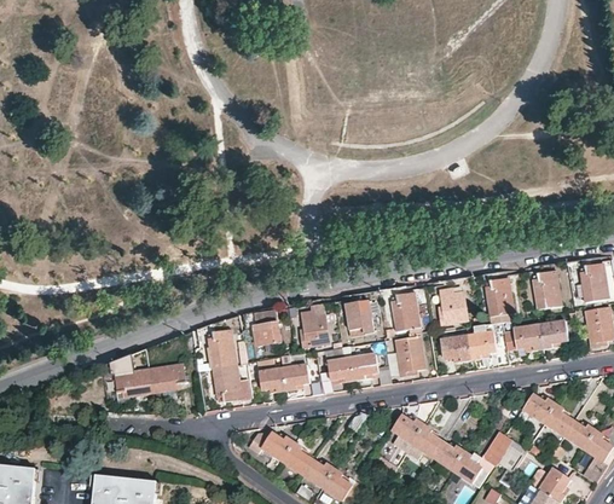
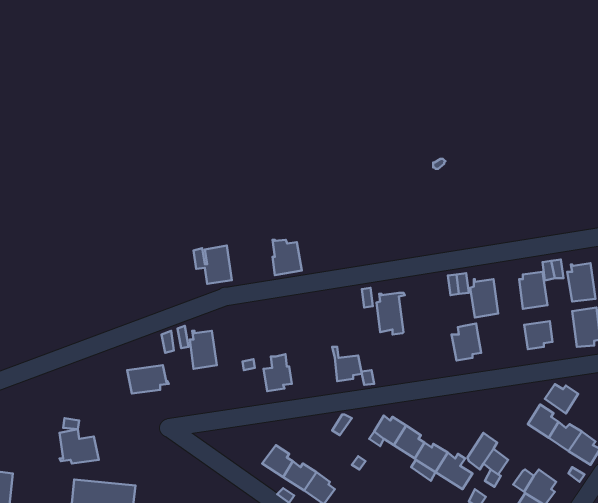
building: [439,288,467,324] -> none
building: [346,300,372,335] -> none
building: [243,308,280,346] -> [194,246,232,284]
building: [301,312,330,347] -> [272,240,302,275]
building: [503,324,541,351] -> none
building: [395,332,423,376] -> none
building: [442,334,471,363] -> none
building: [325,347,354,382] -> none
building: [114,361,152,395] -> [60,429,99,463]
building: [213,364,249,404] -> none
building: [257,367,285,393] -> none
building: [521,393,554,422] -> [545,384,578,414]
building: [248,431,294,460] -> none

